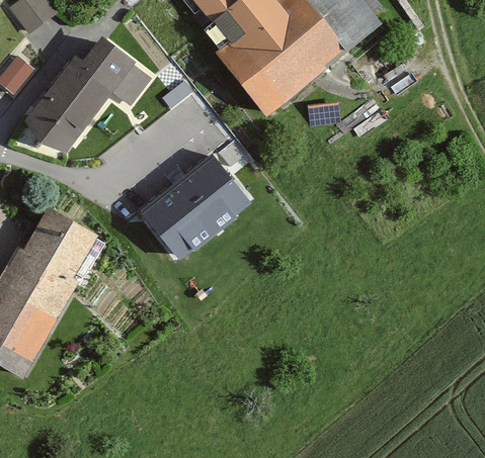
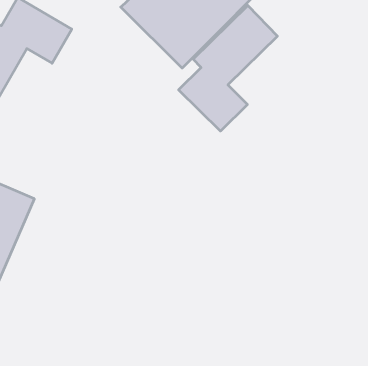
building: none -> [179,5,277,131]
building: [148,153,251,251] -> none

